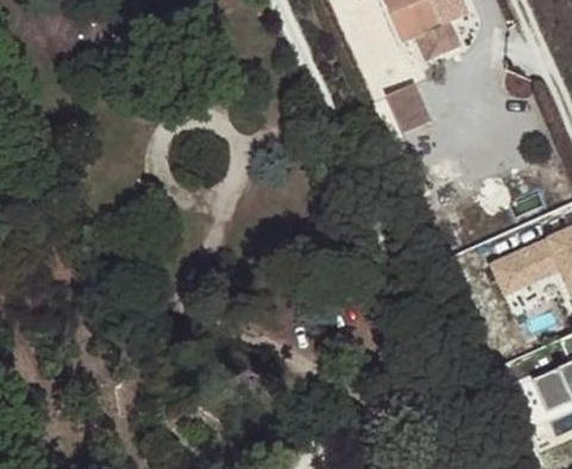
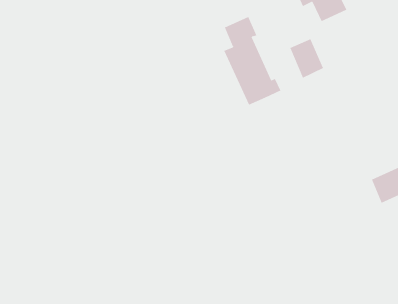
building: none -> [224,16,281,106]

